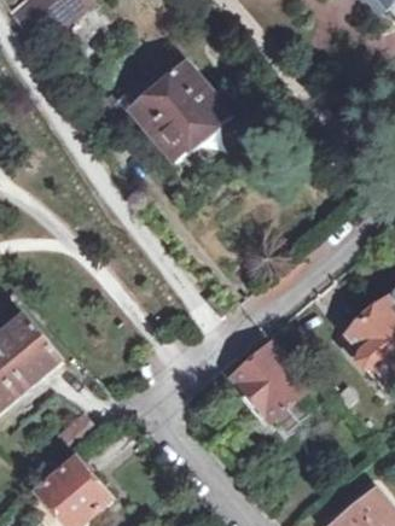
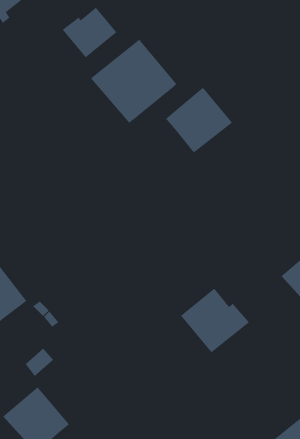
building: none -> [62,7,117,58]
building: none -> [165,87,233,153]

